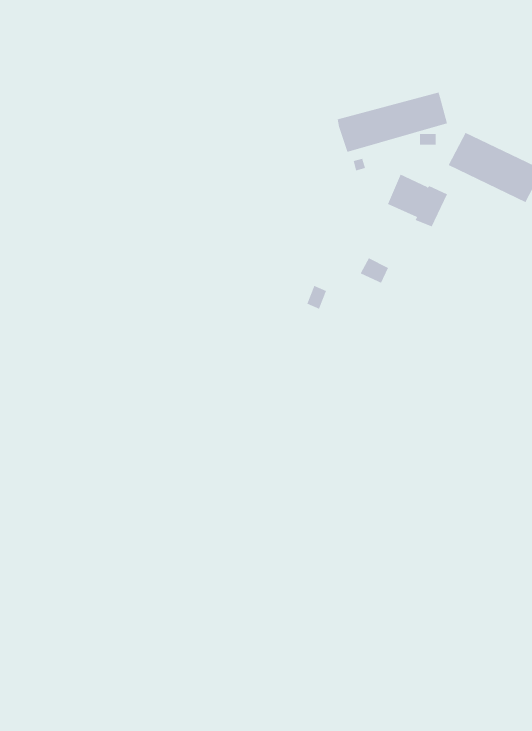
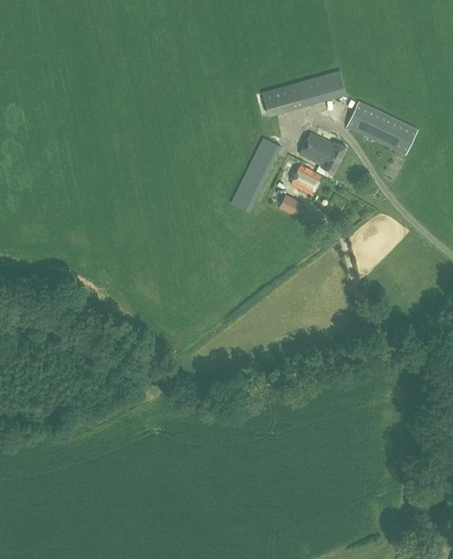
building: none -> [229,138,281,212]
building: none -> [290,165,320,194]

